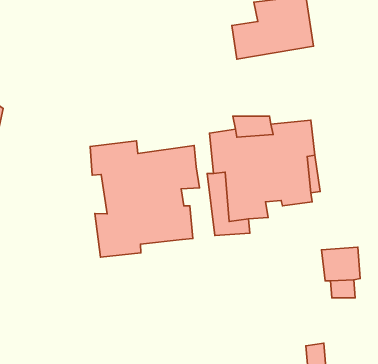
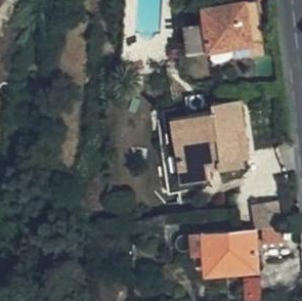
building: [90,141,199,257] -> none
building: none -> [191,230,254,274]

